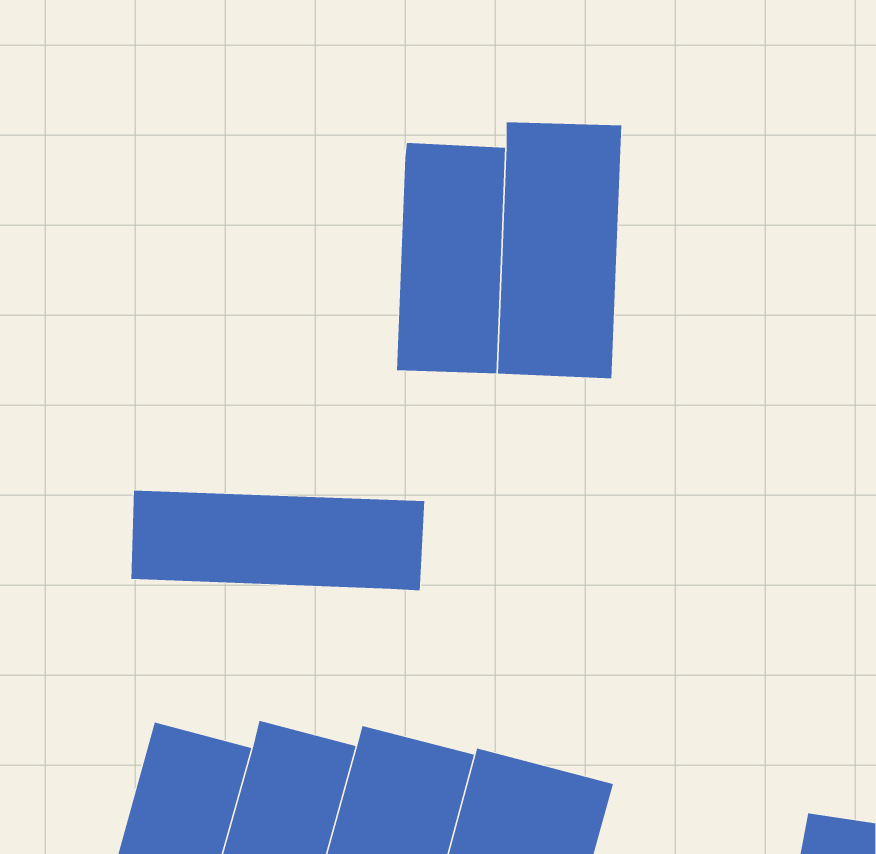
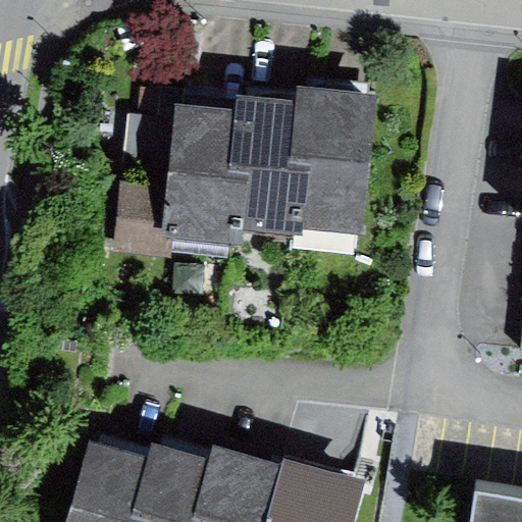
building: none -> [119,105,241,259]
building: [131,490,425,591] -> none

